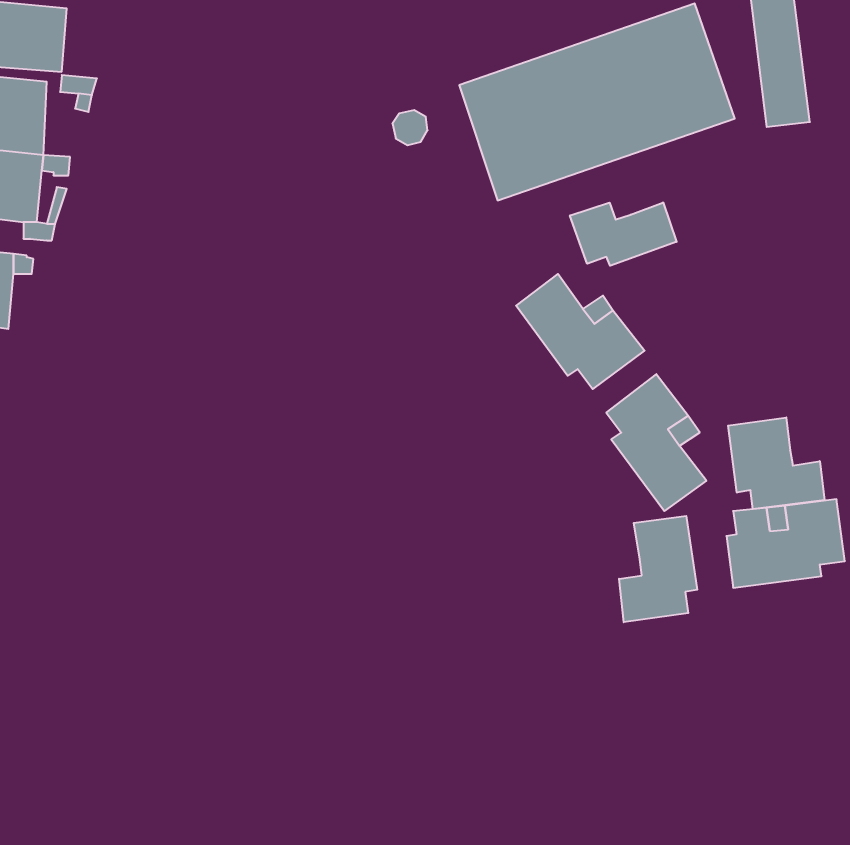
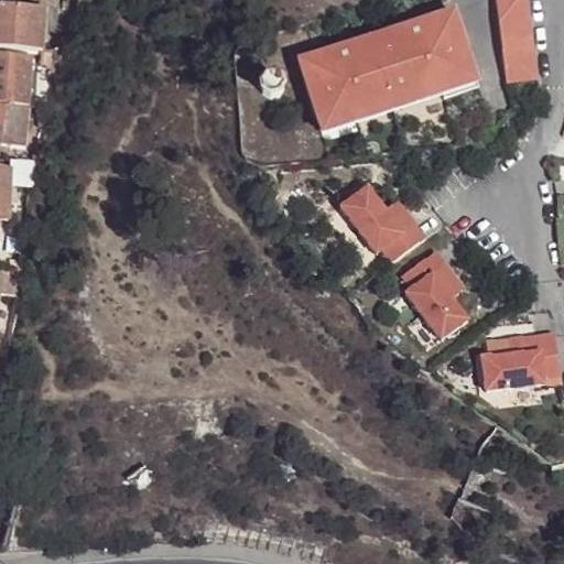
building: [570,202,677,266] -> none
building: [728,417,824,509] -> none
building: [619,516,697,622] -> none

